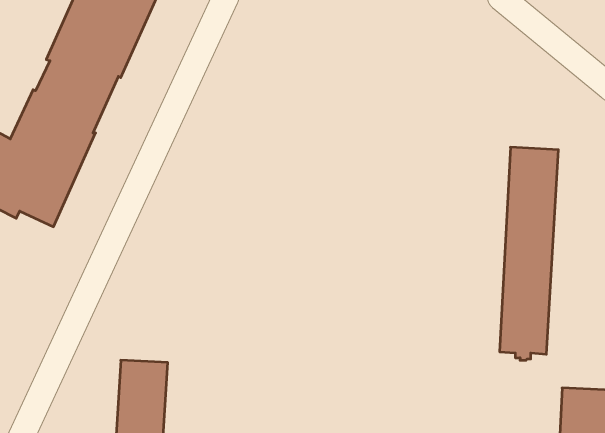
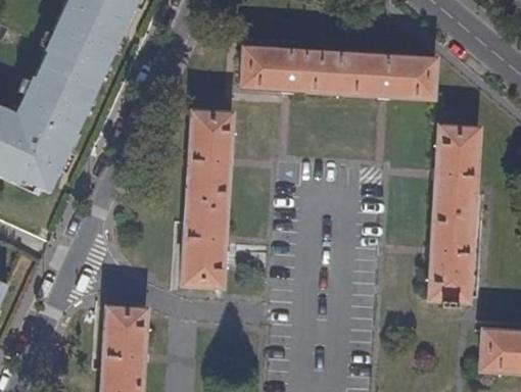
building: none -> [240,47,435,97]
building: none -> [182,112,232,288]

